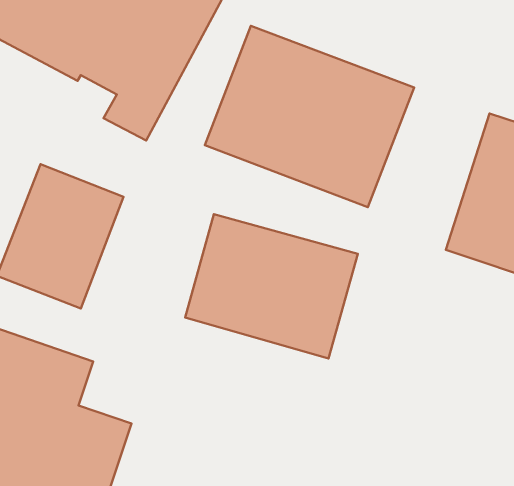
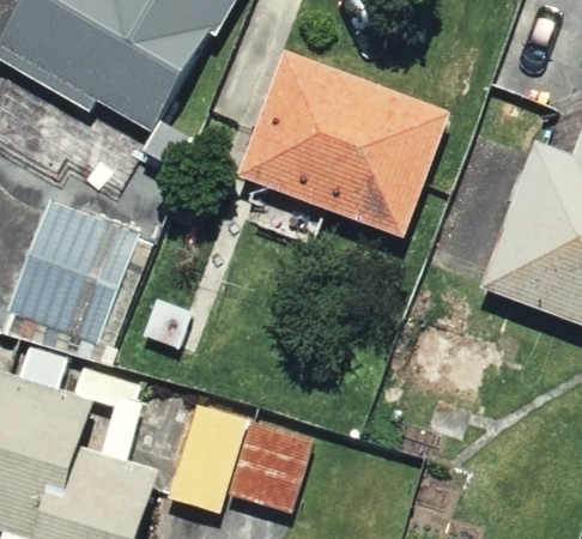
building: [185,214,358,358] -> none
building: none -> [169,404,317,513]

